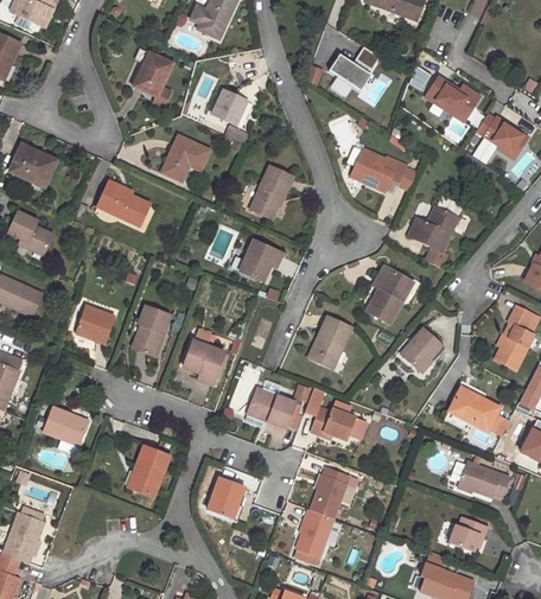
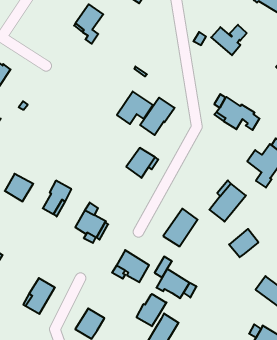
building: [211,90,247,126] -> none
building: [161,135,209,181] -> [117,91,153,124]
building: [97,181,149,227] -> none
building: none -> [137,294,167,326]

